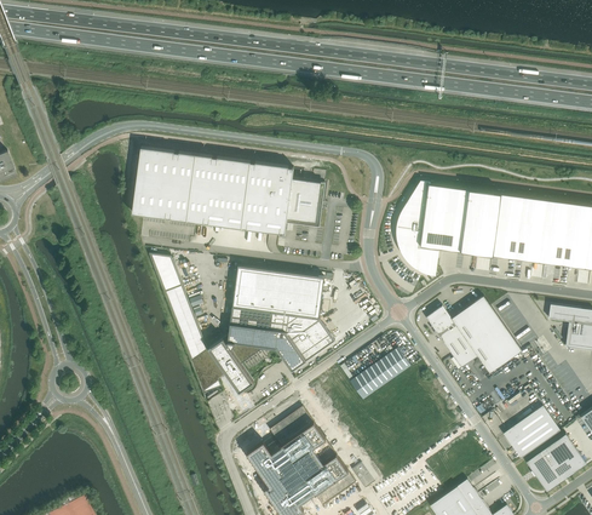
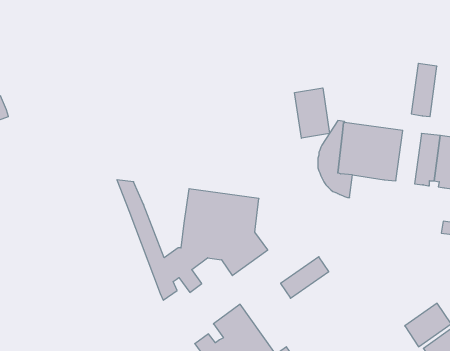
building: none -> [295,88,329,138]
building: [132,148,324,234] -> none
building: [492,194,523,259] -> [411,63,437,117]
building: [425,297,521,374] -> none

